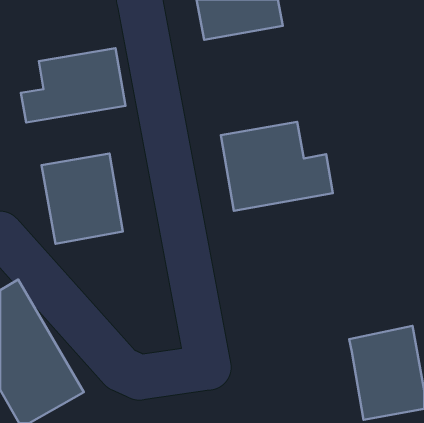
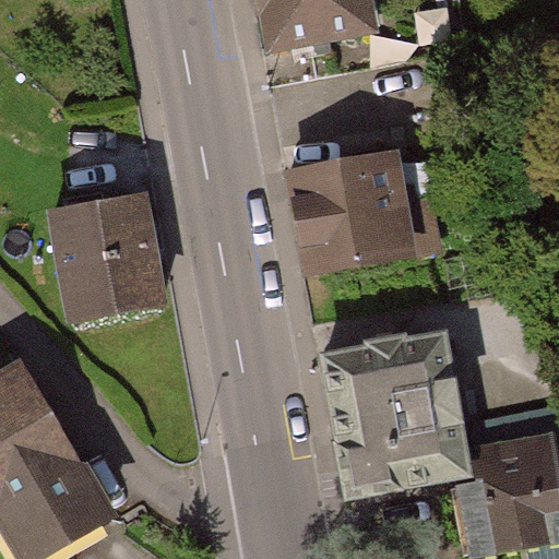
building: [21,48,125,123] -> none
building: none -> [324,326,463,480]

